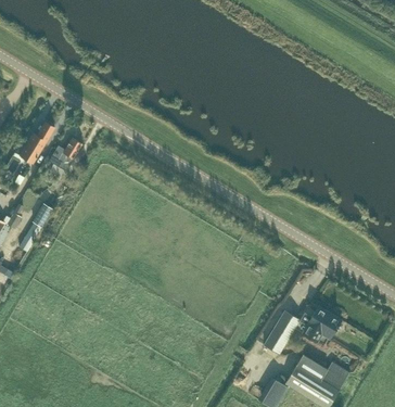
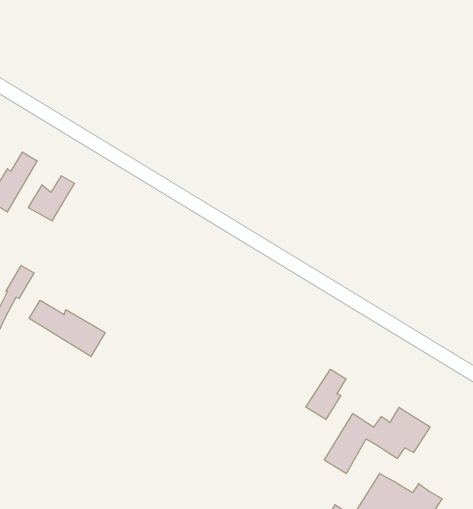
building: none -> [29,300,105,357]
building: none -> [306,369,346,420]

